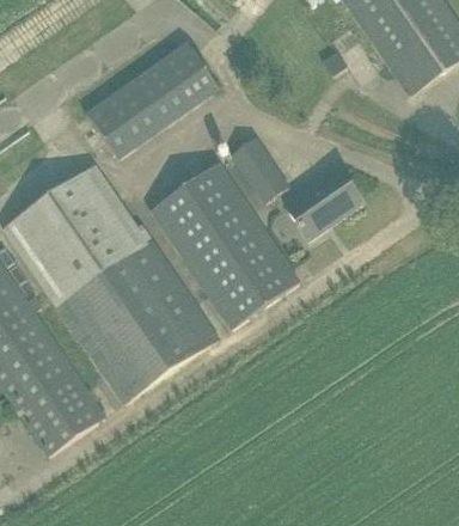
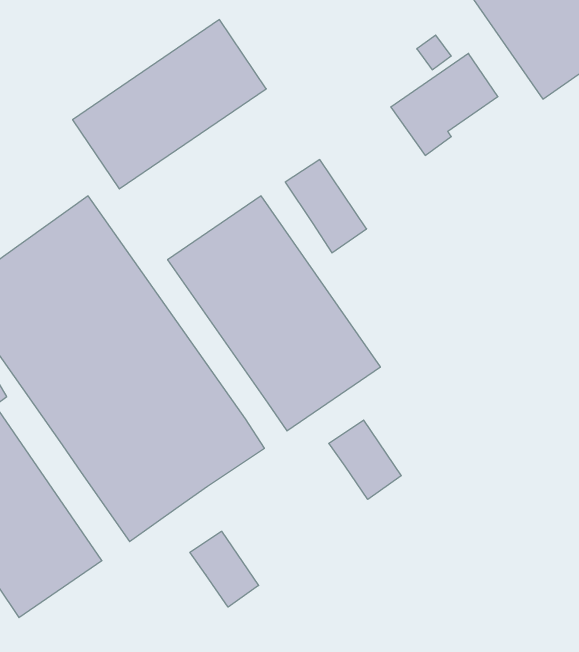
building: [284,169,359,239] -> [391,53,498,155]
building: none -> [329,420,401,499]
building: none -> [190,531,259,607]

